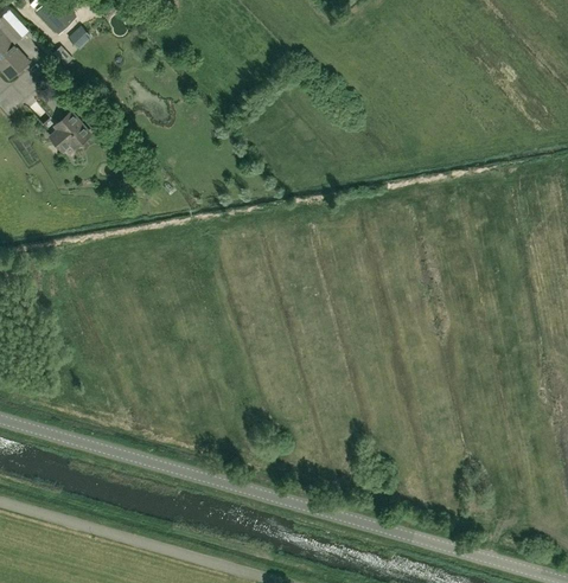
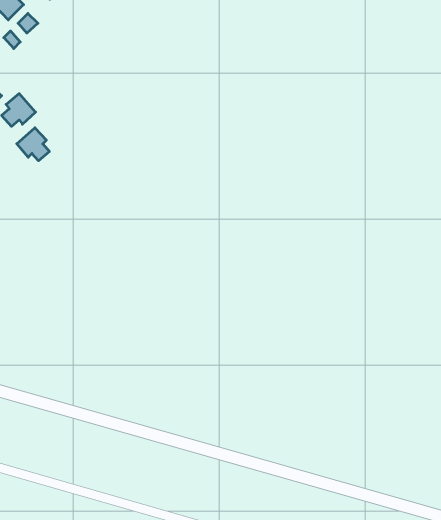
building: none -> [17,128,49,161]

